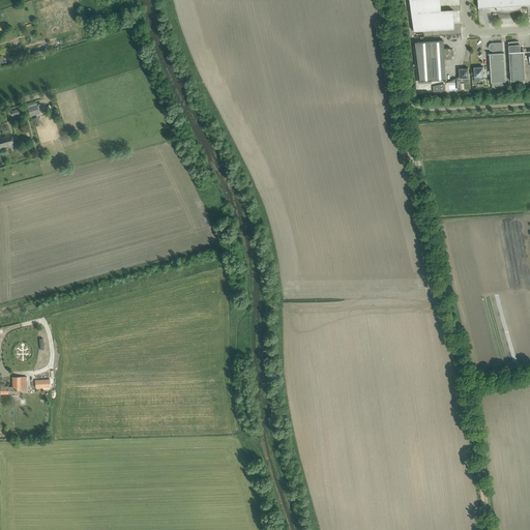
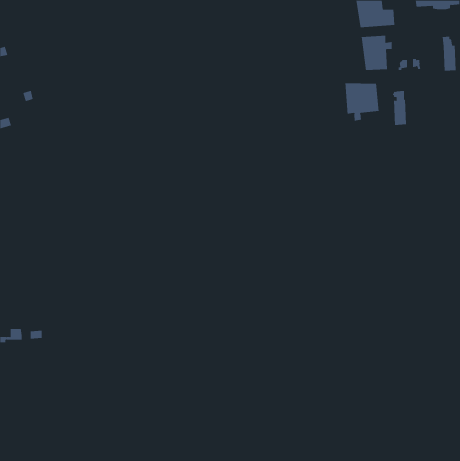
building: [488,42,504,83] -> [392,90,407,126]
building: none -> [345,83,379,122]

